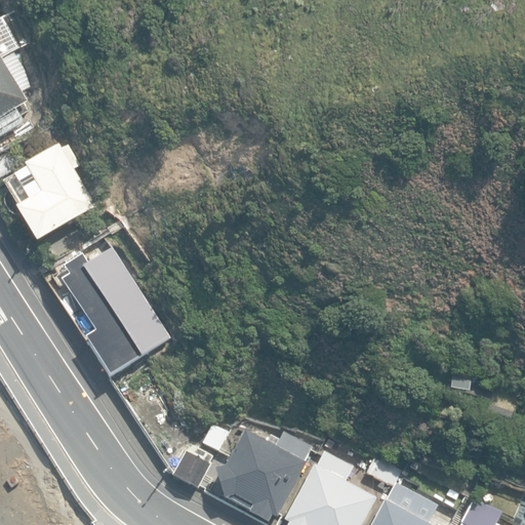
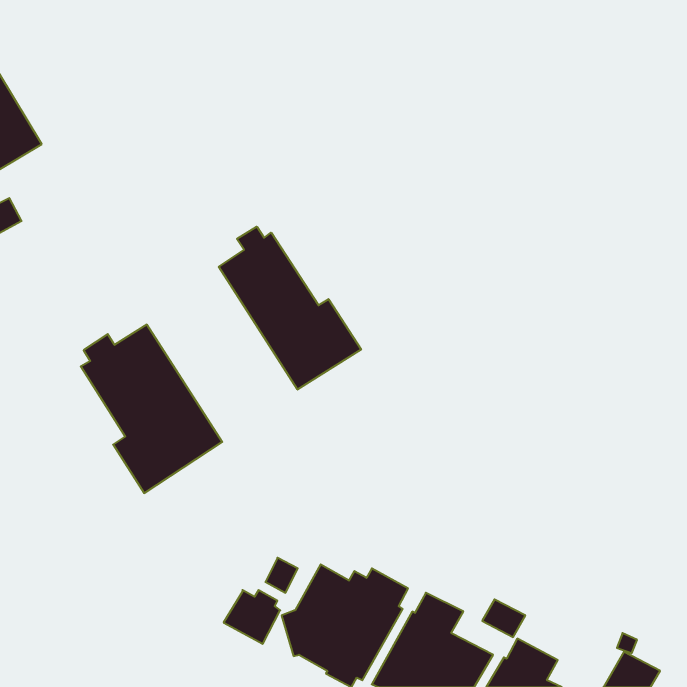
building: [5,144,96,243] -> none
building: none -> [219,227,361,390]

